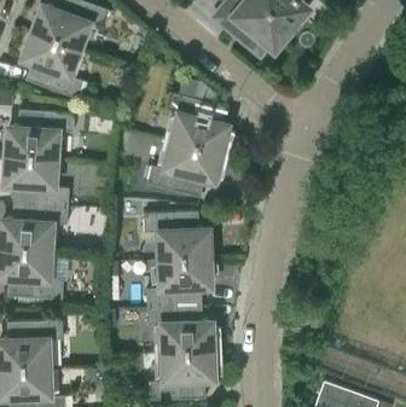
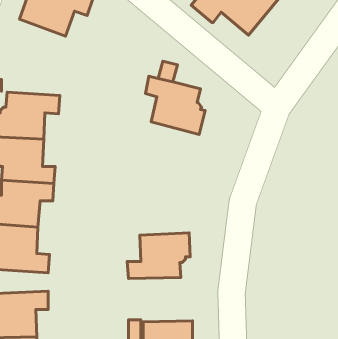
building: [24,31,86,98] -> none
building: [149,140,224,196] -> none
building: [145,210,213,260] -> none
building: [149,304,216,351] -> none

